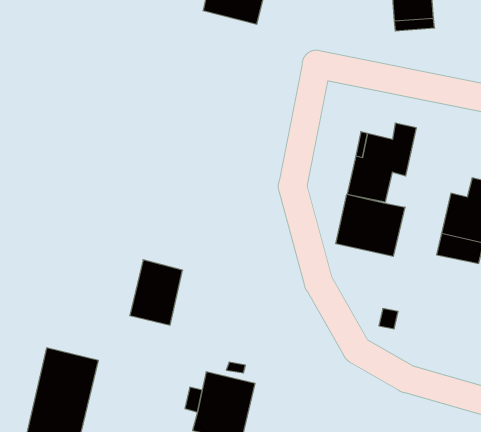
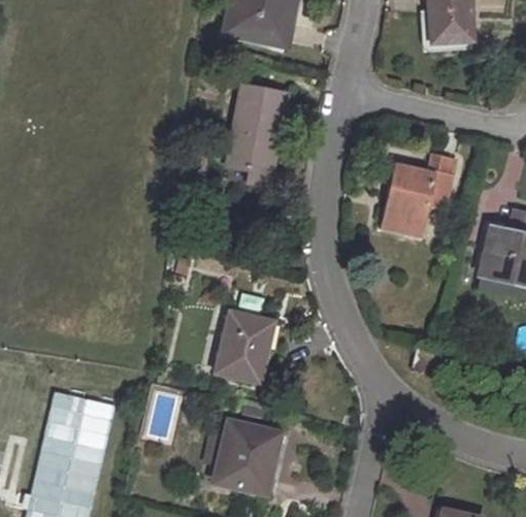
building: none -> [227,85,287,185]
building: [336,194,405,256] -> none
building: [130,260,183,325] -> [216,311,272,381]

